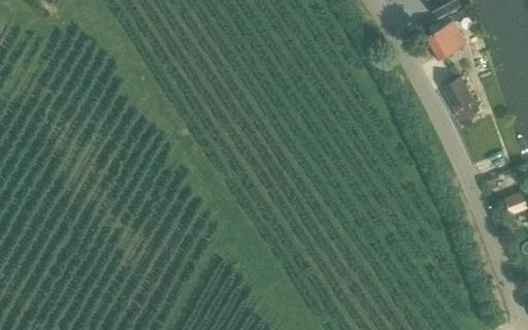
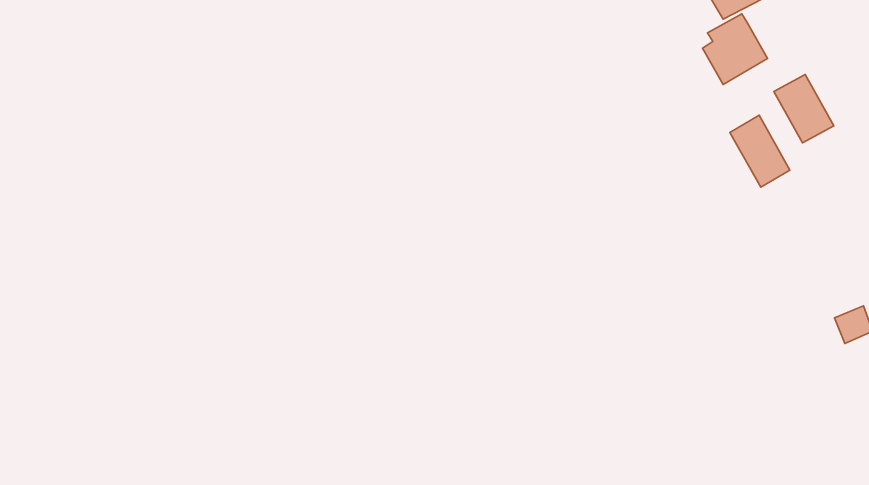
building: none -> [774,74,834,143]

